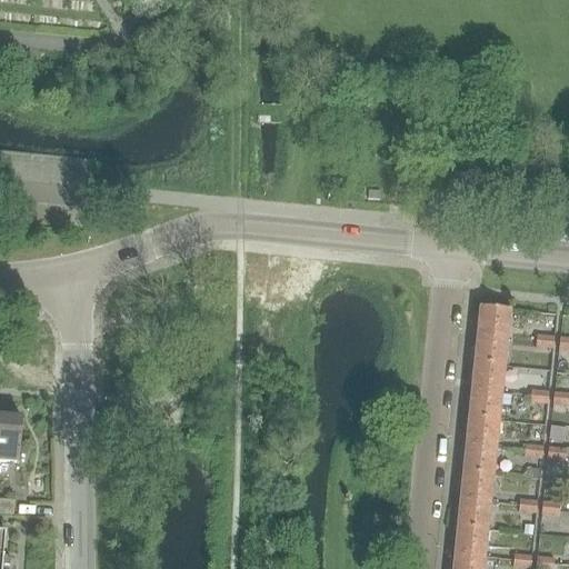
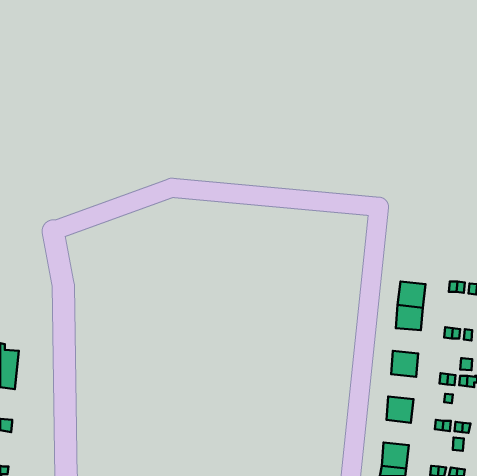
building: [477,307,509,338] -> none
building: [468,390,501,420] -> none
building: [462,445,503,475] -> none
building: [457,499,489,529] -> none

